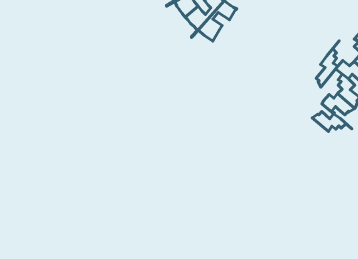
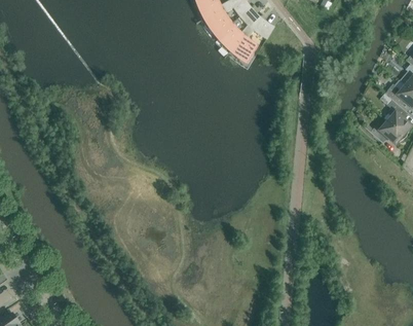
building: [316,41,339,87] -> none
building: [312,112,352,131] -> none

